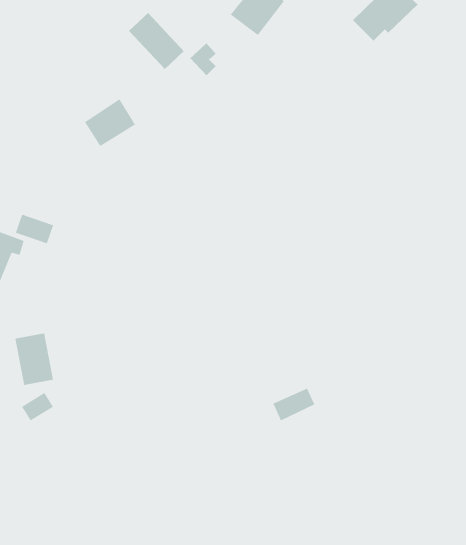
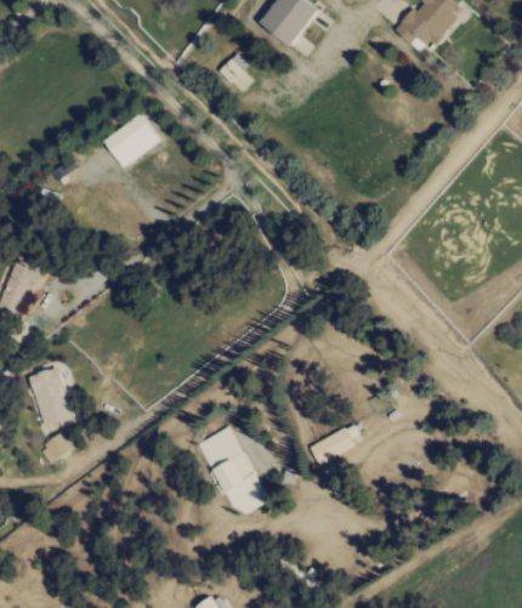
building: [128,12,185,70] -> none
building: [15,214,54,244] -> none
building: none -> [197,425,266,515]

